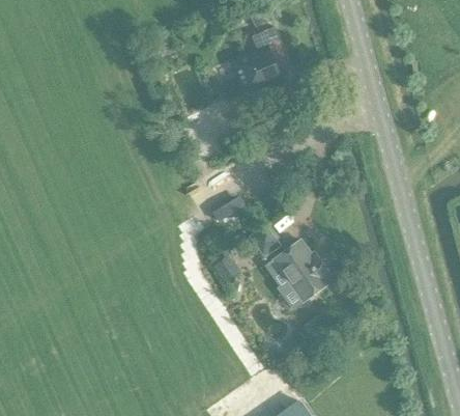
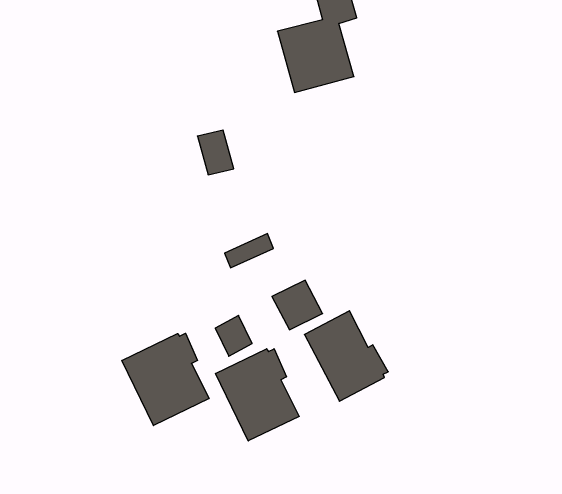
building: none -> [122,333,209,426]
building: none -> [216,349,299,441]

